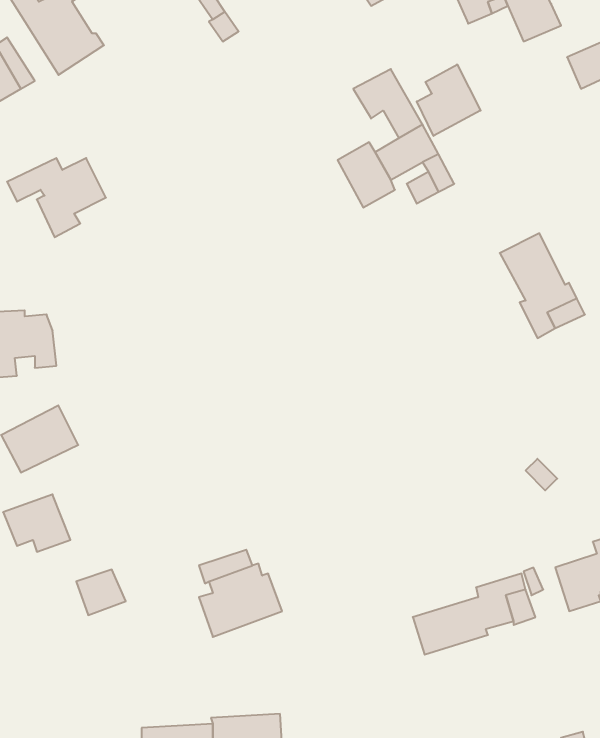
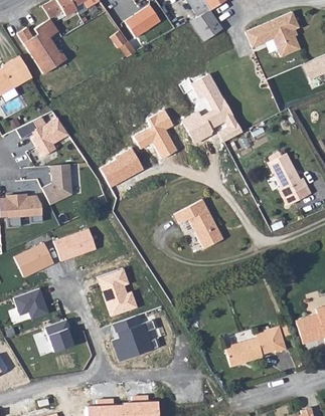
building: [417,64,481,136] -> none
building: none -> [135,109,179,158]
building: none -> [101,148,142,186]
building: none -> [41,163,71,204]
building: none -> [174,199,222,248]
building: none -> [54,227,96,259]
building: none -> [100,266,139,315]

